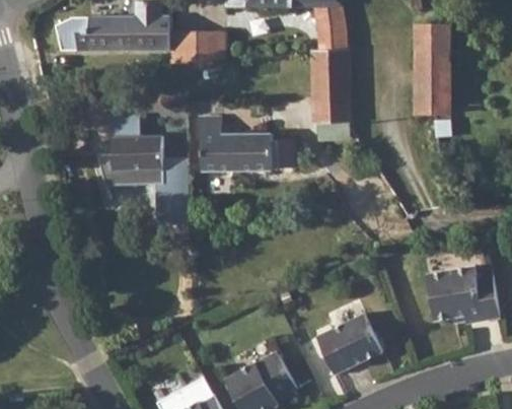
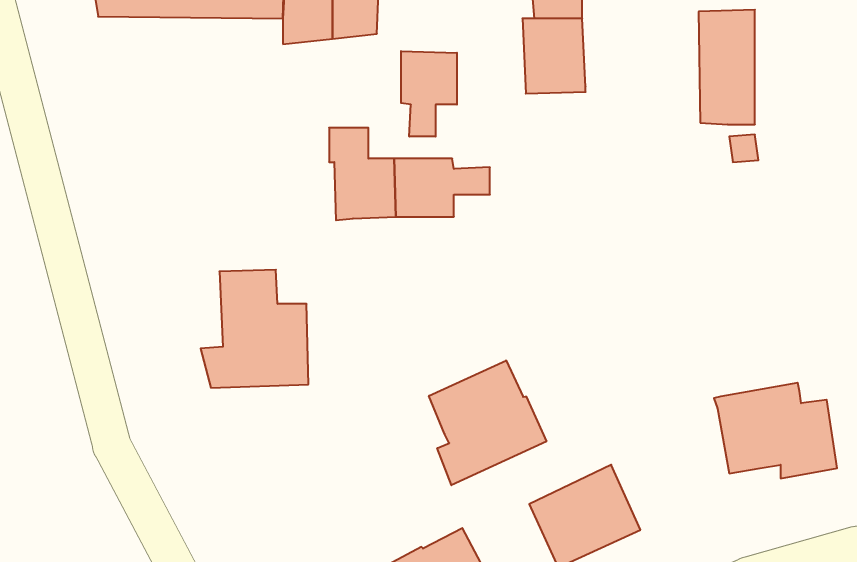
building: none -> [401,51,457,137]
building: [313,94,350,122] -> none
building: [100,115,164,185] -> [201,270,308,388]
building: none -> [429,360,546,485]

